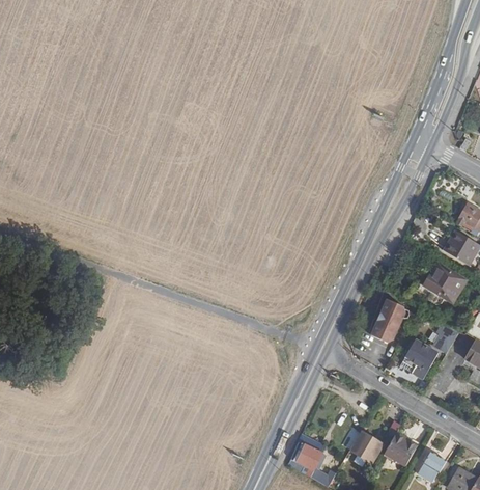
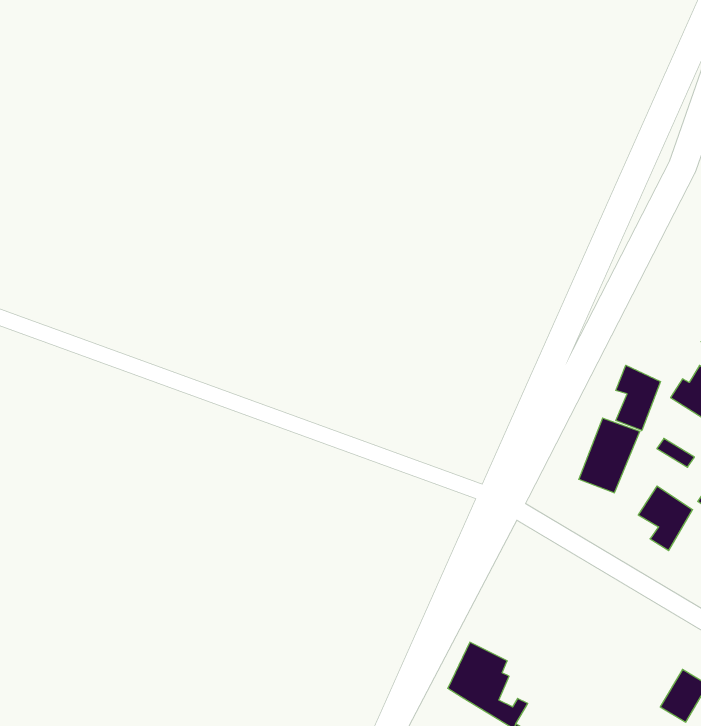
building: none -> [616,365,660,431]
building: [350,430,384,461] -> none
building: [385,432,417,465] -> none

